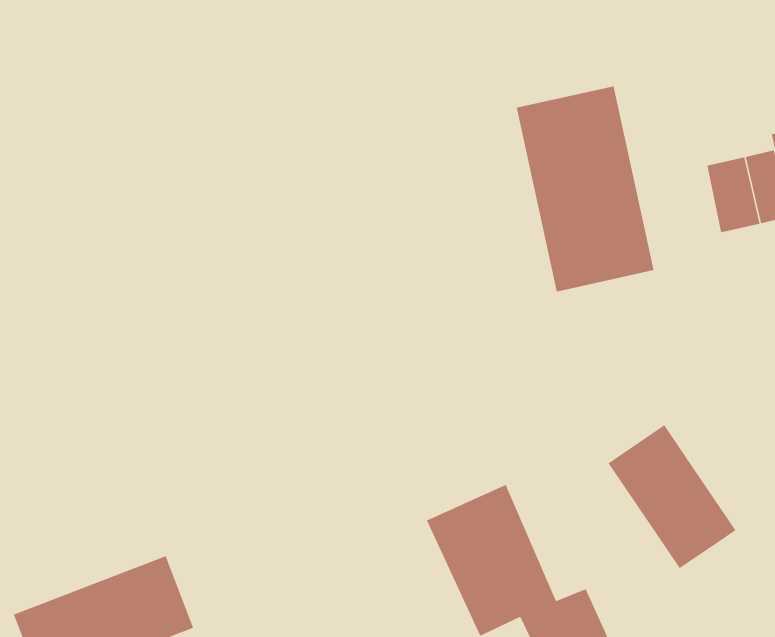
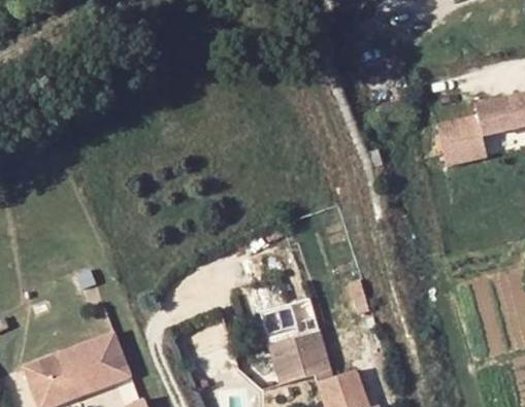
building: [516,86,654,292] -> none
building: [608,424,737,569] -> none

